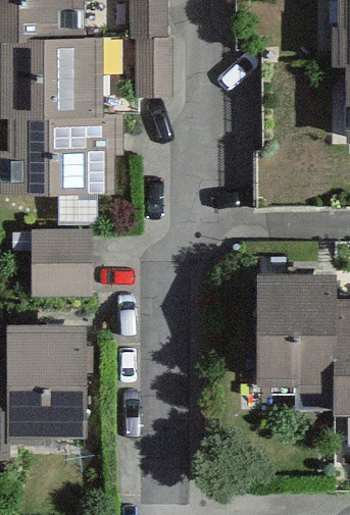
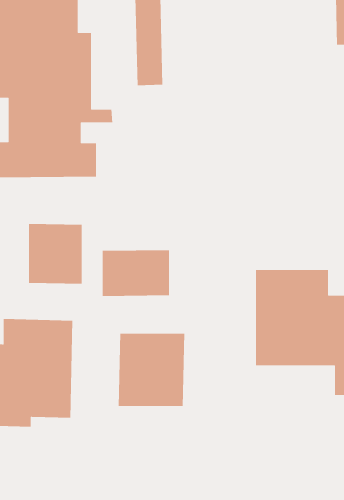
building: none -> [102,249,170,297]
building: none -> [118,333,185,407]

